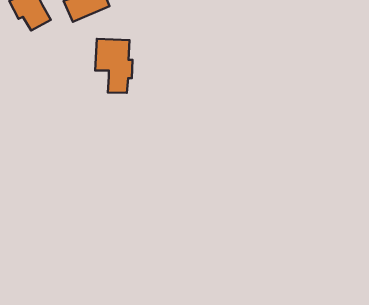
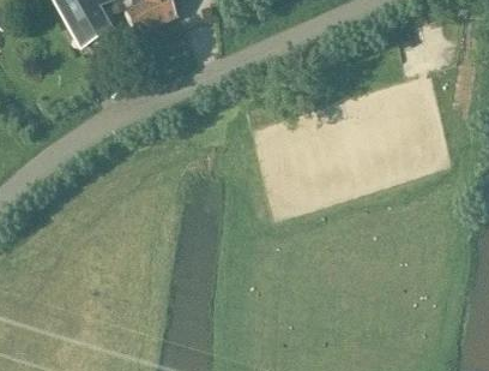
building: [95,39,133,93] -> none

